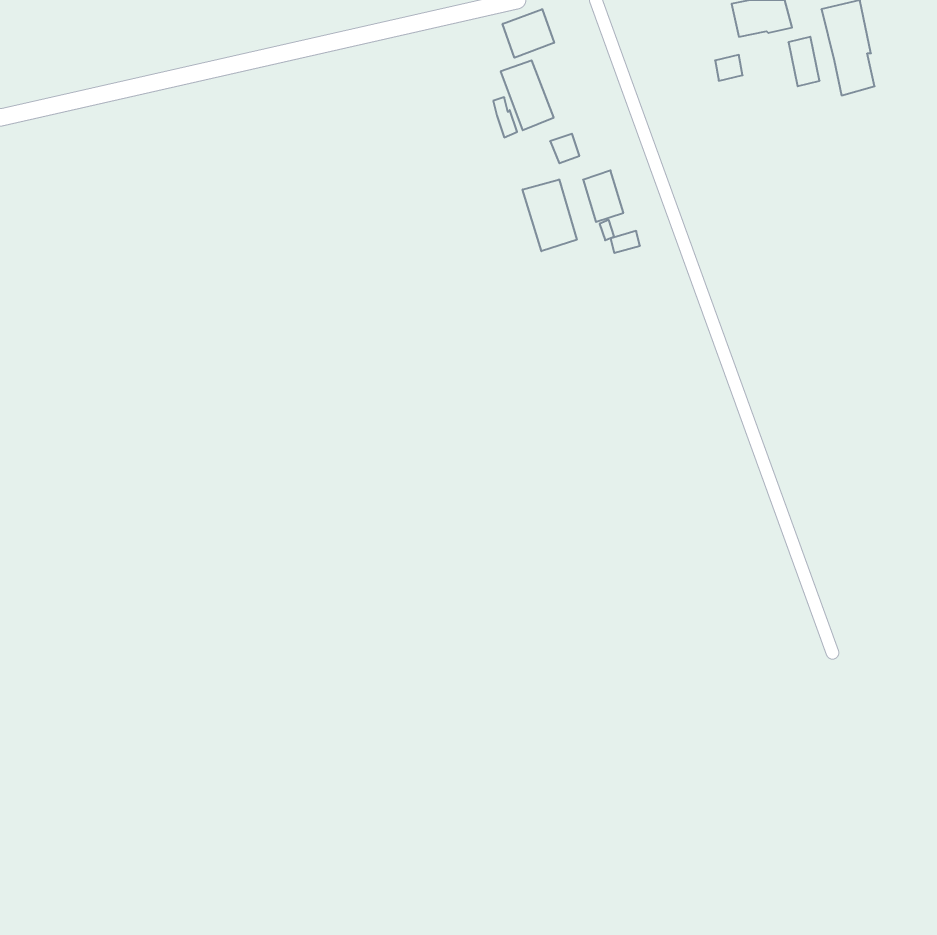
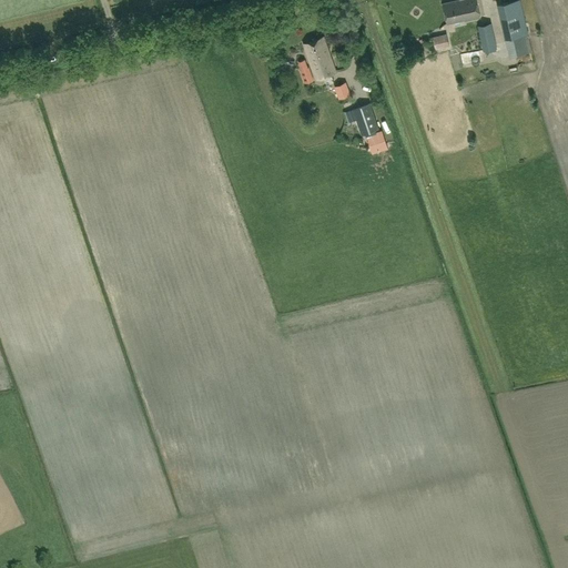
building: [503,9,554,58] -> none
building: [523,179,577,251] -> none

